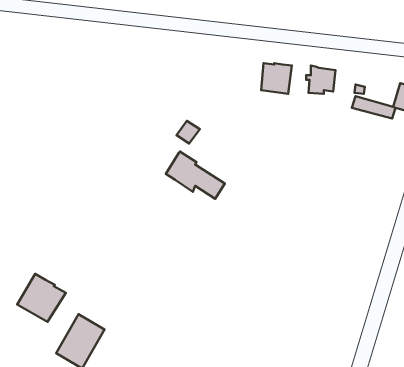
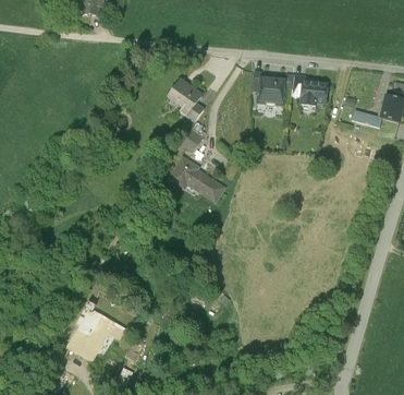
building: none -> [170,79,203,116]
building: [17,274,66,322] -> none

